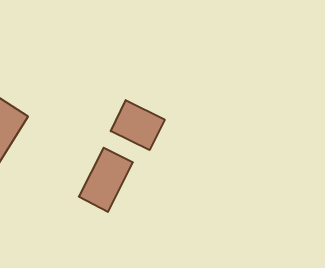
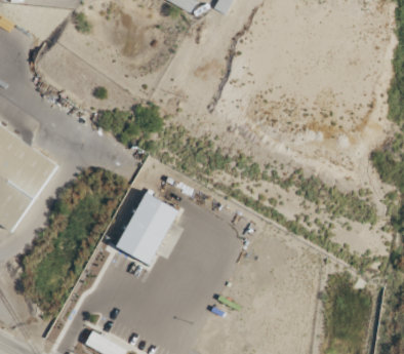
building: [111,100,165,150] -> none

